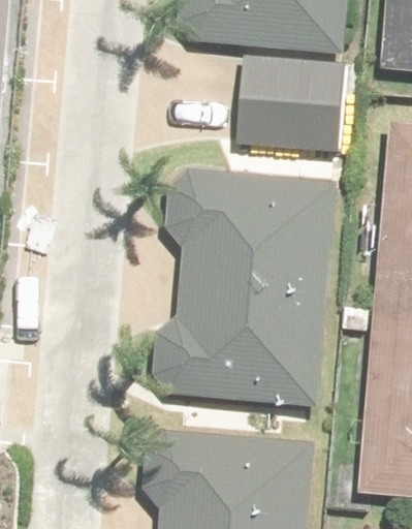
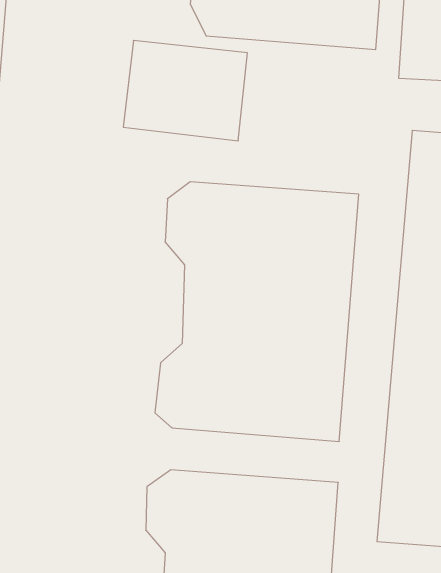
building: [236,62,349,153] -> [123,40,247,141]

